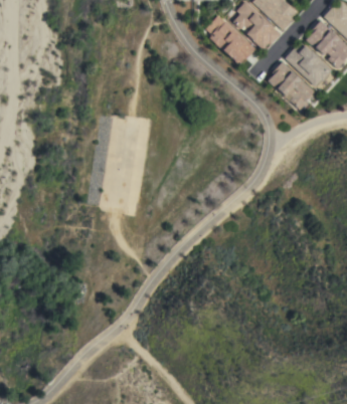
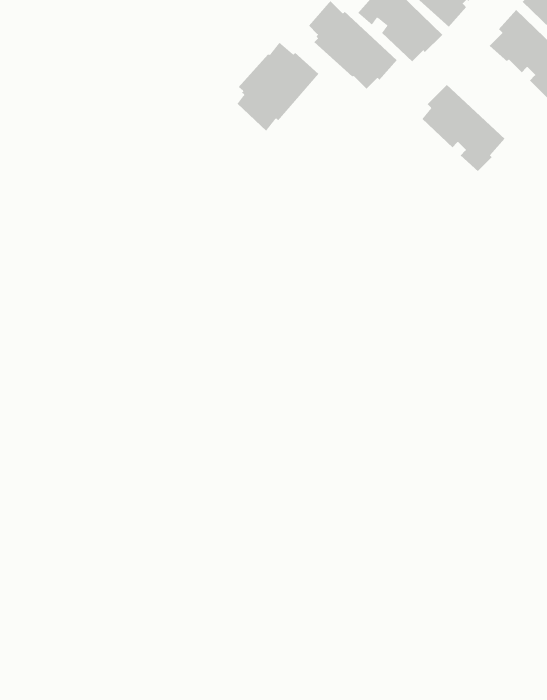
building: none -> [237,42,319,132]
building: [286,42,332,86] -> none

